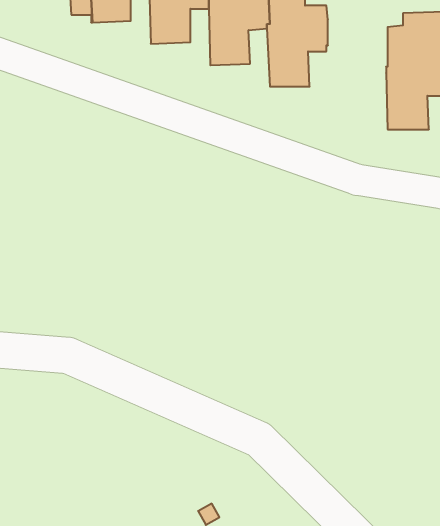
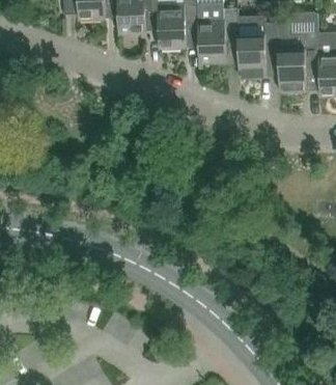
building: none -> [236,17,278,78]

